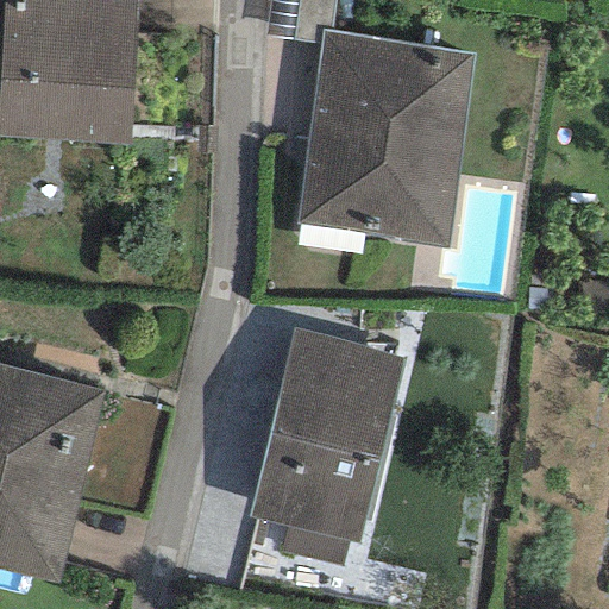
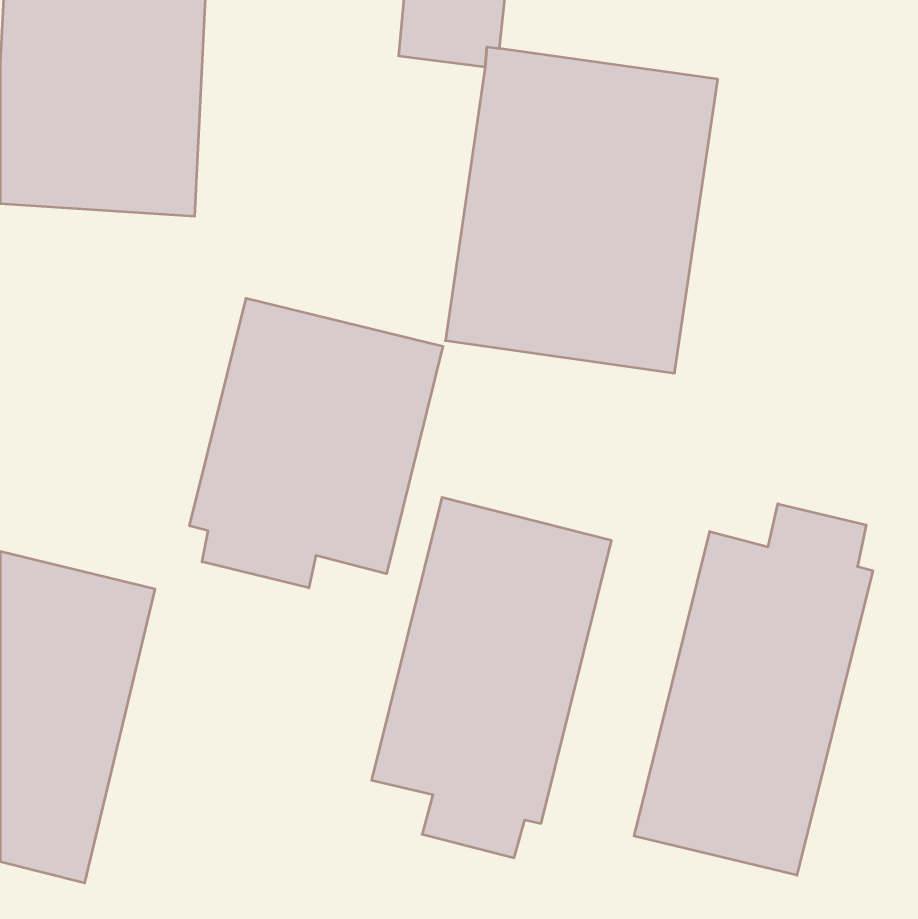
building: none -> [190,298,443,588]
building: none -> [634,504,873,875]

